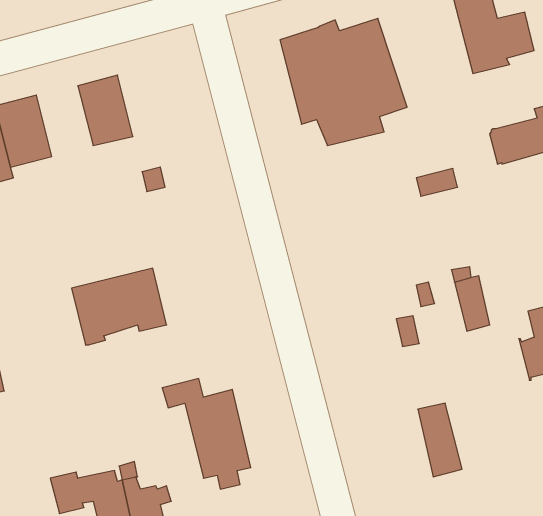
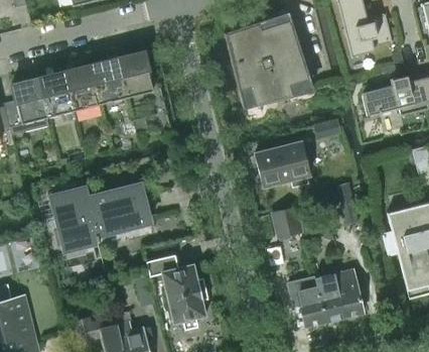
building: none -> [117,49,153,97]
building: none -> [63,64,101,110]
building: none -> [255,141,308,187]
building: none -> [49,188,99,245]
building: none -> [272,207,301,236]
building: none -> [332,267,363,316]
building: none -> [287,275,324,326]

